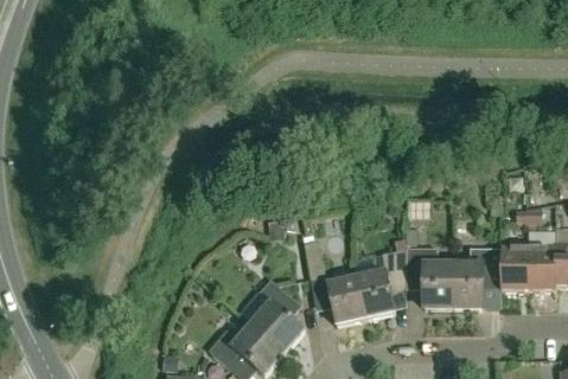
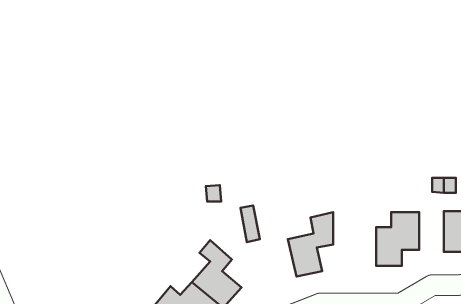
building: [500,245,528,290] -> none
building: [406,246,453,306] -> none
building: [326,276,365,325] -> none

